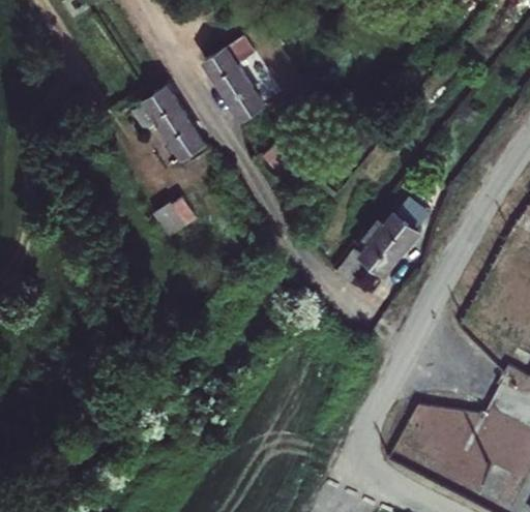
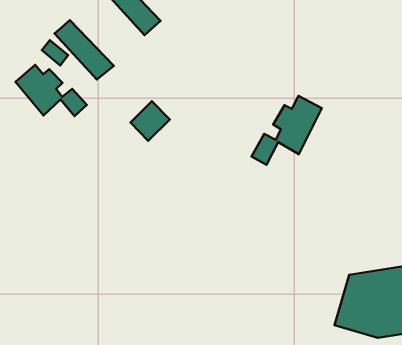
building: none -> [16,65,87,116]
building: [155,198,198,239] -> [130,101,170,141]

